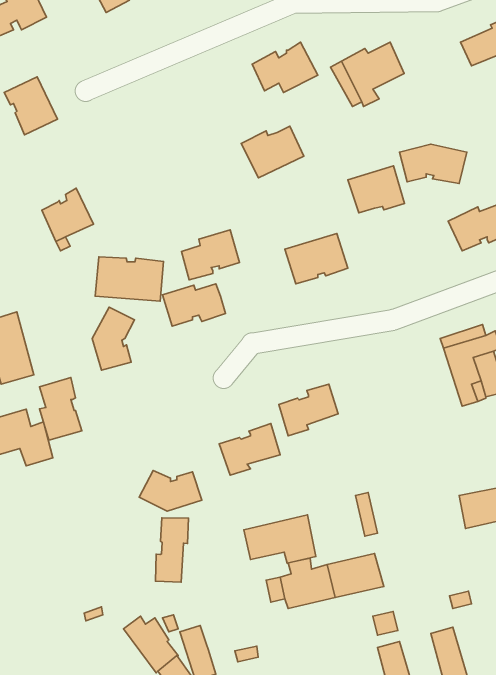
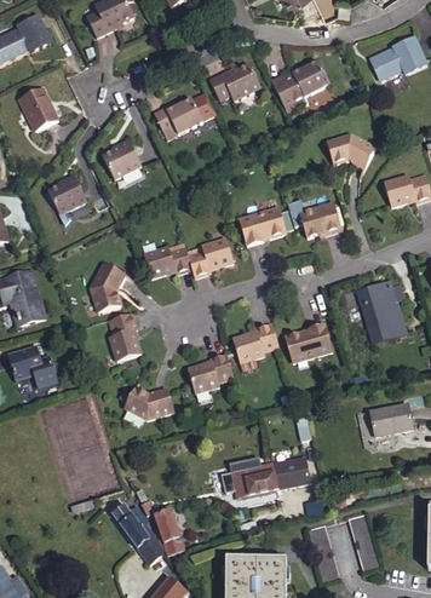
building: [241,126,304,178] -> [155,97,203,137]
building: none -> [102,137,142,178]
building: [348,166,404,213] -> [295,202,339,238]
building: [181,230,240,280] -> [186,240,231,278]
building: [95,257,164,301] -> none
building: [40,378,82,440] -> [105,315,138,363]
building: none -> [283,324,333,364]
building: [244,515,316,563] -> none
building: [156,518,189,582] -> none

